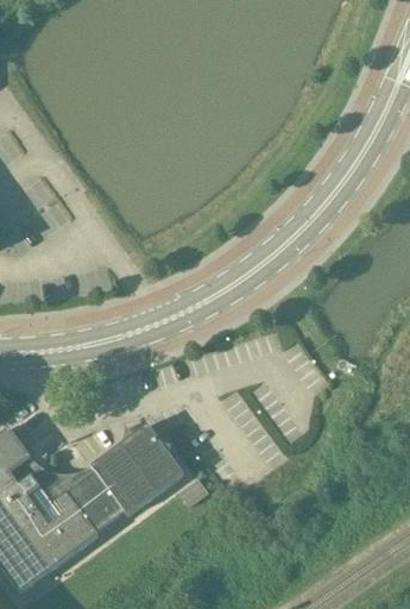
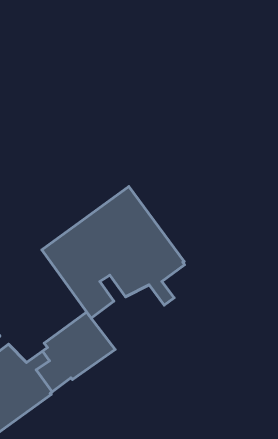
building: none -> [42,186,184,318]

